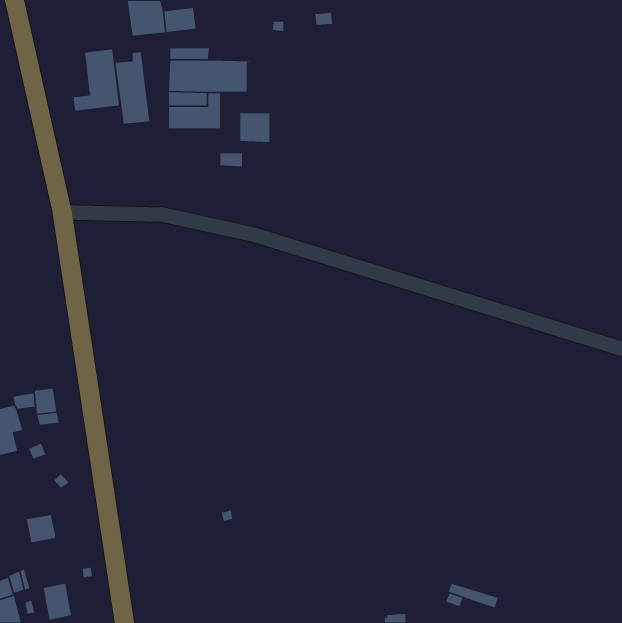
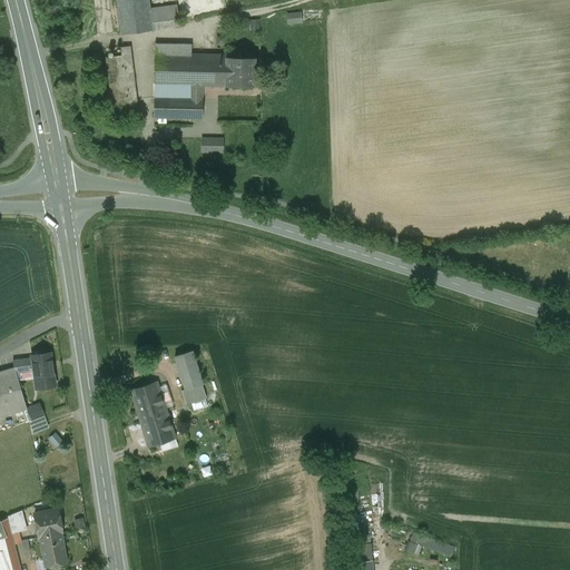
building: [73,49,120,111] -> none
building: [240,111,270,143] -> [226,57,254,86]
building: none -> [178,357,210,406]
building: none -> [130,383,174,445]
building: [26,514,56,543] -> [33,510,61,537]

